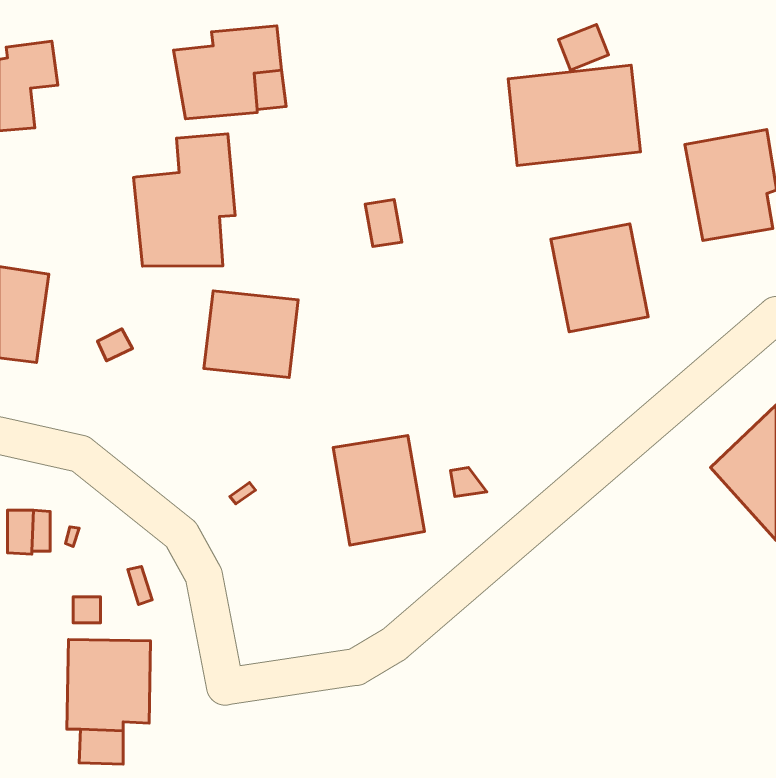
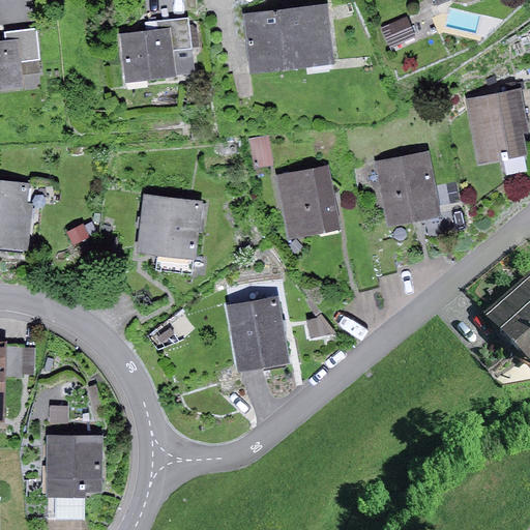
building: [508,65,640,166] -> [243,5,333,73]
building: [133,134,235,266] -> none
building: none -> [275,165,340,238]

